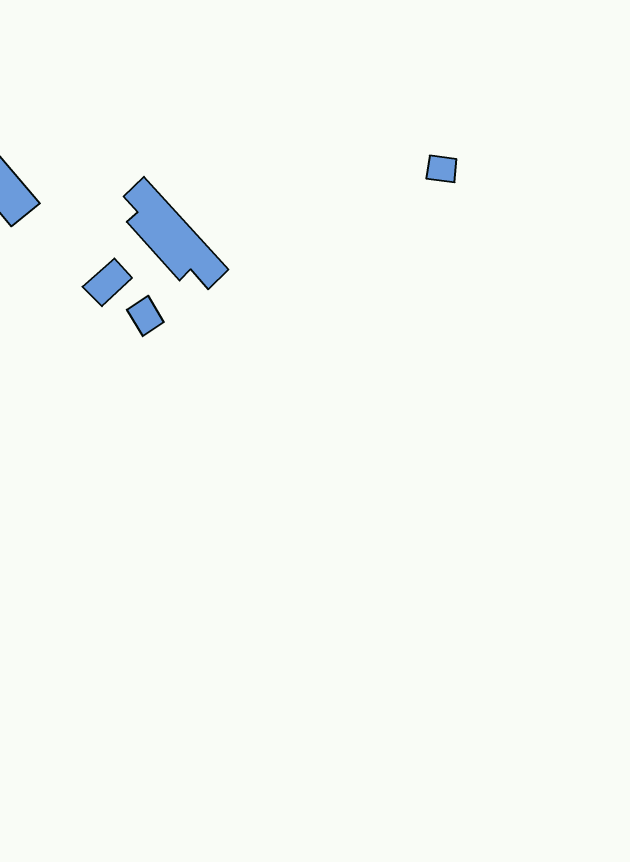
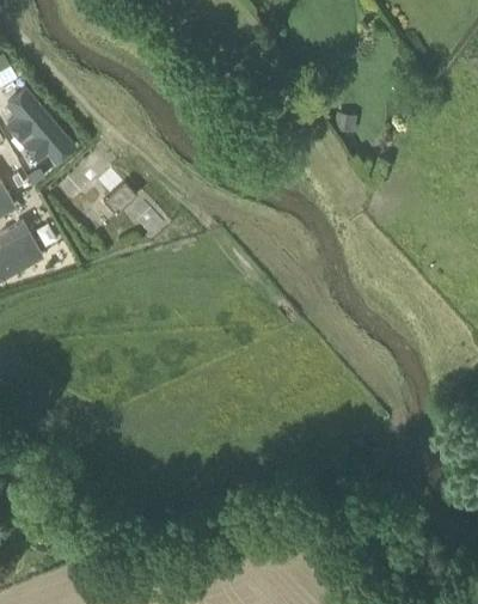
building: [124,177,228,289] -> none

